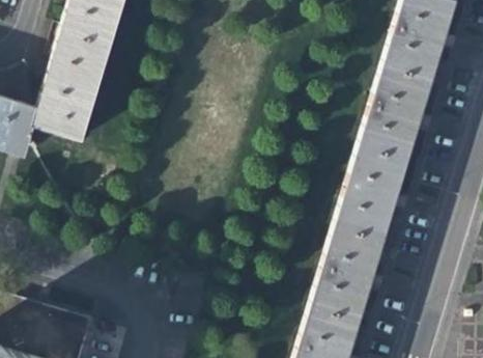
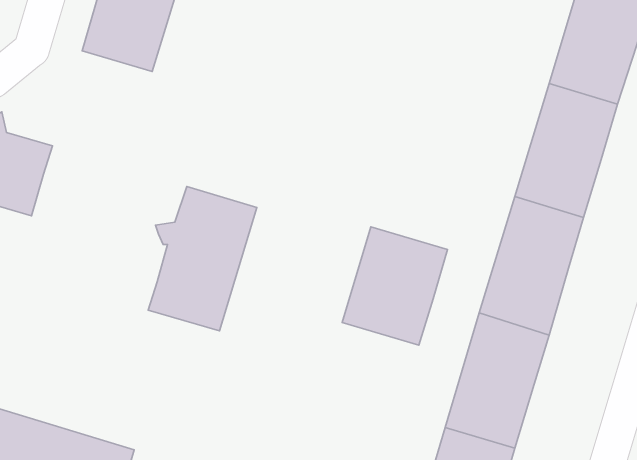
building: [31,42,107,142] -> [148,187,257,331]
building: none -> [342,227,447,345]

